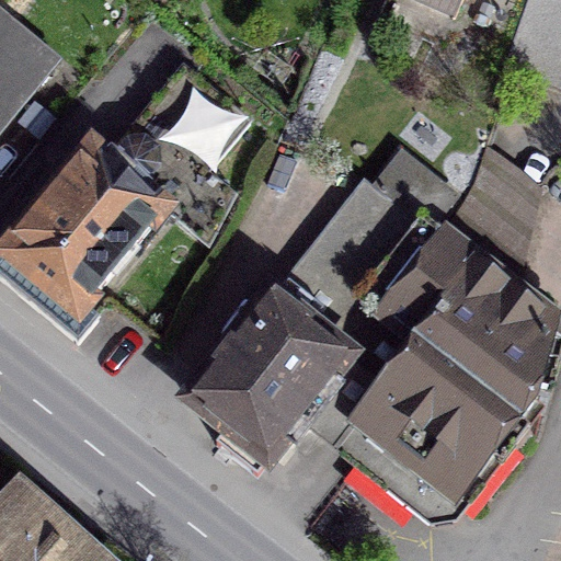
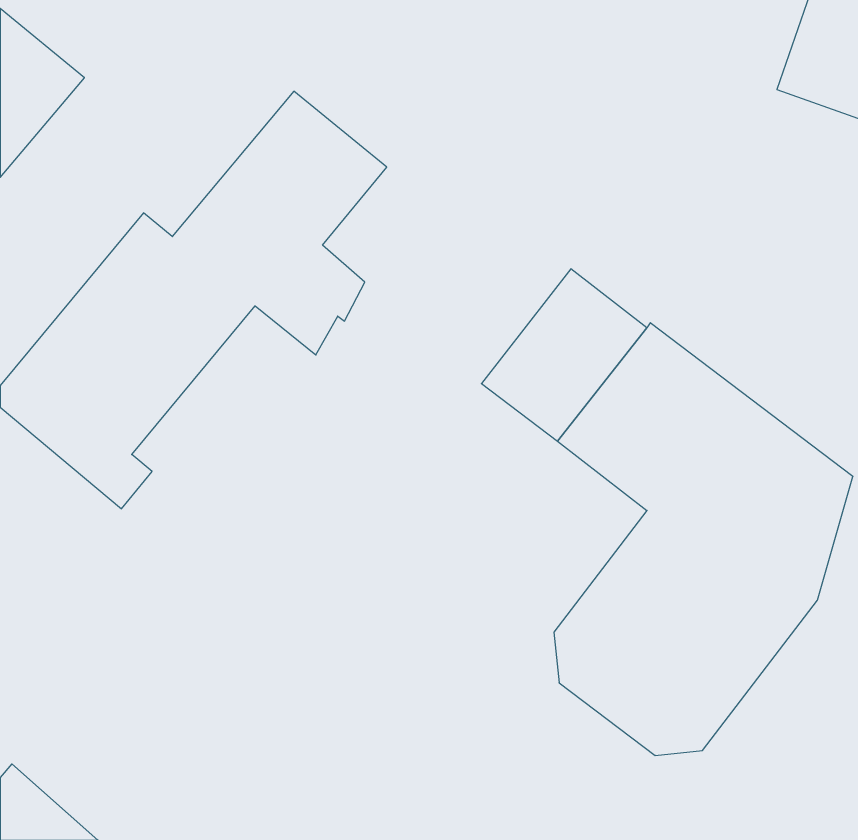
building: [193,285,353,462] -> none

